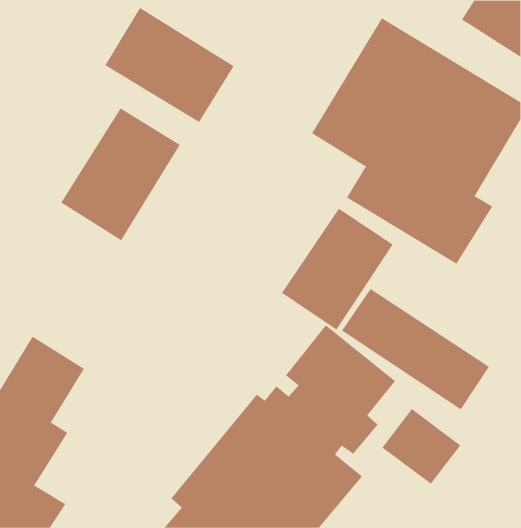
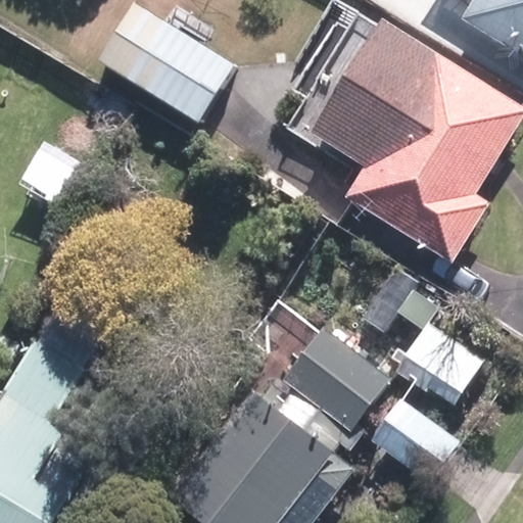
building: [60,107,181,241] -> none
building: [281,208,394,330] -> none

